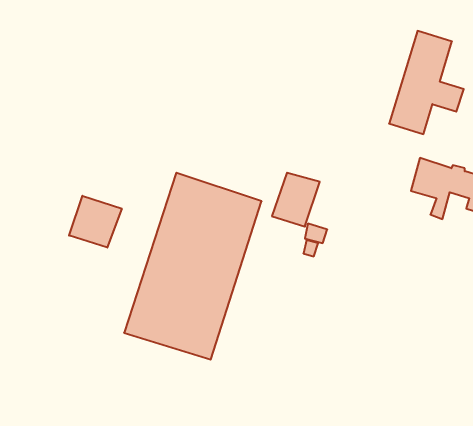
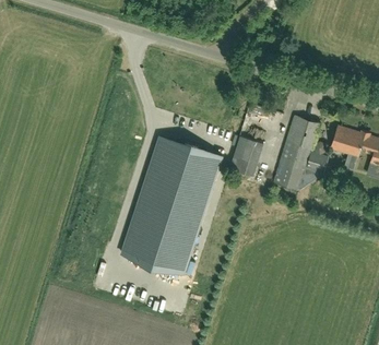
building: [389,31,464,134] -> [273,115,328,190]
building: [69,196,122,248] -> none

